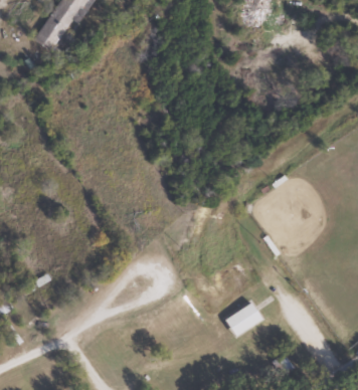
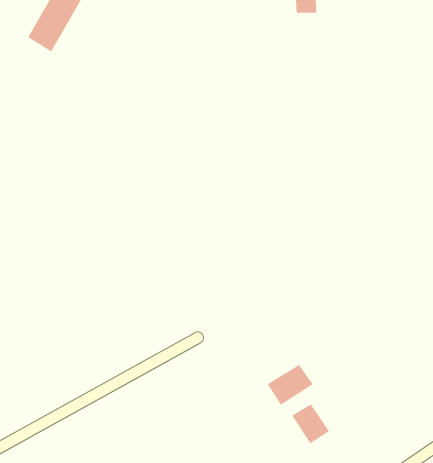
building: none -> [292,403,330,444]

